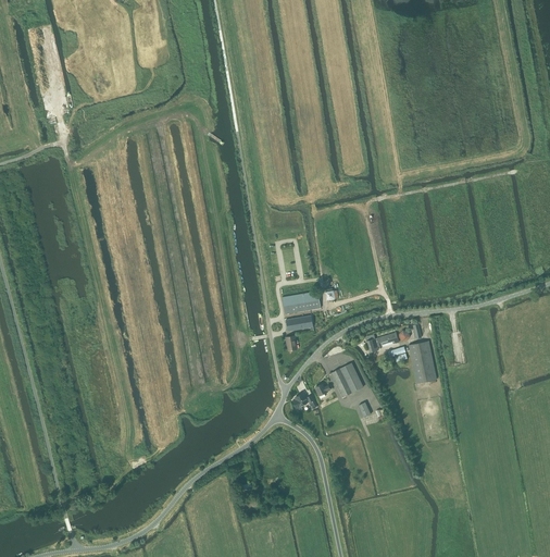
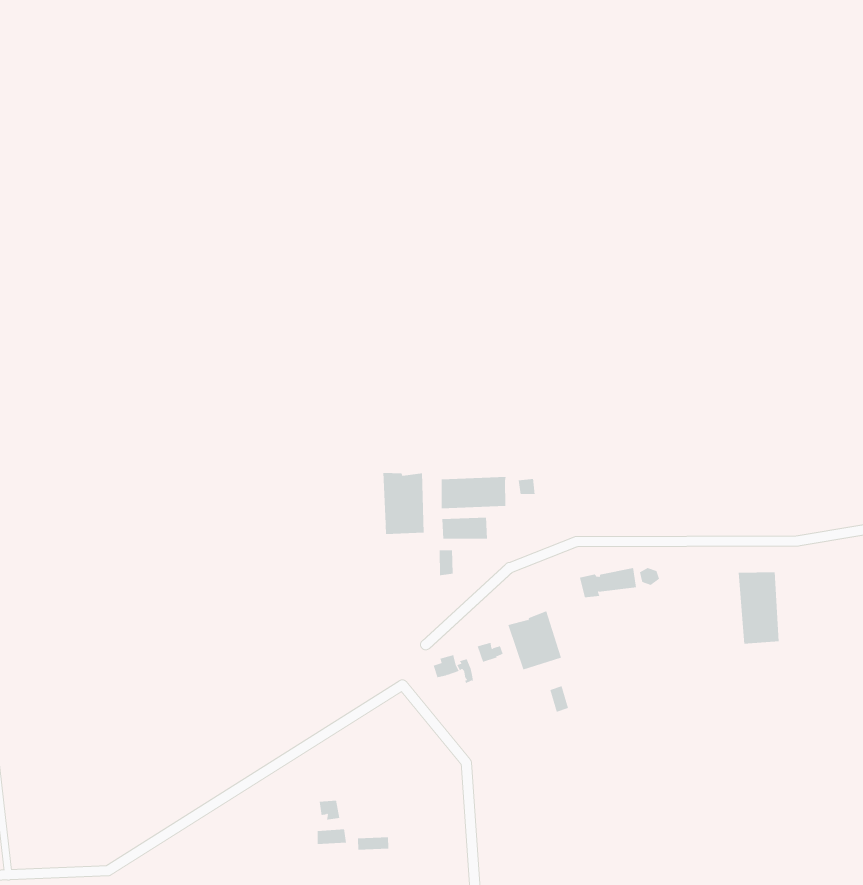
building: none -> [383,472,424,535]
building: [409,341,437,383] -> [738,572,779,644]

